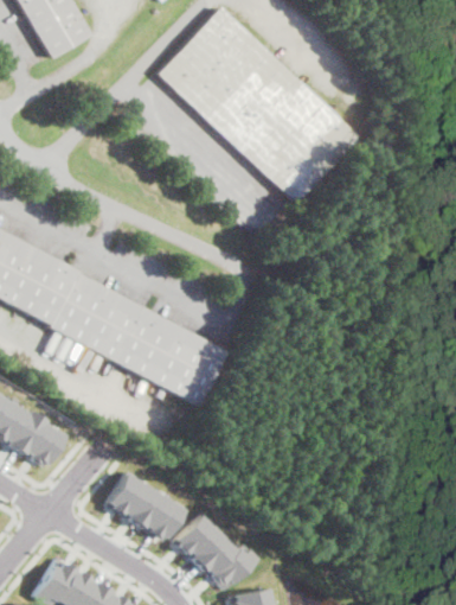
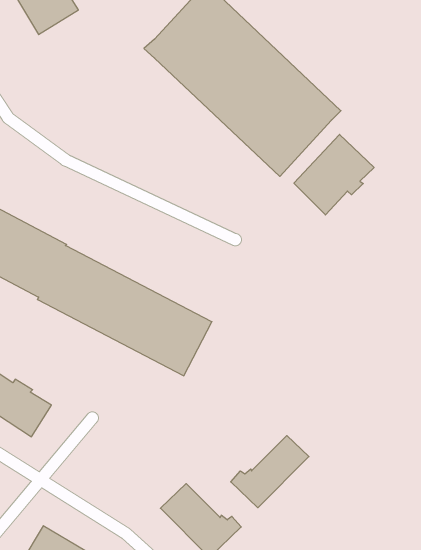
building: none -> [294,134,374,215]
building: none -> [231,436,309,508]
building: [107,472,184,540] -> none

